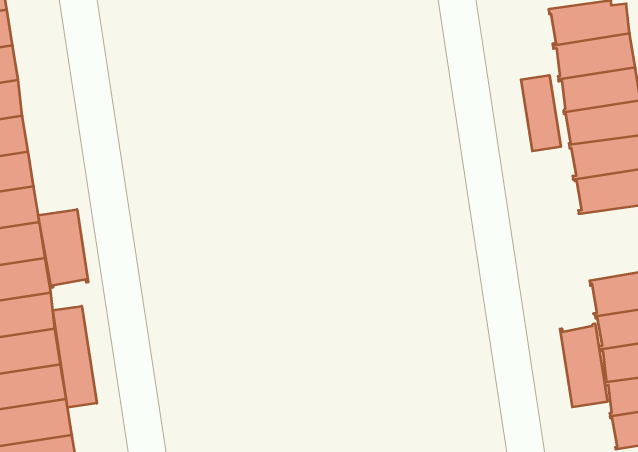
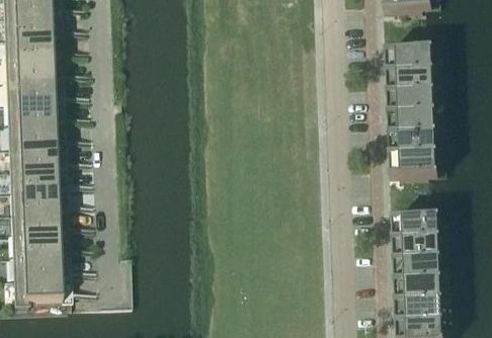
building: [521,75,561,151] -> none
building: [38,209,88,288] -> none
building: [53,306,97,407] -> none
building: [560,324,607,407] -> none

